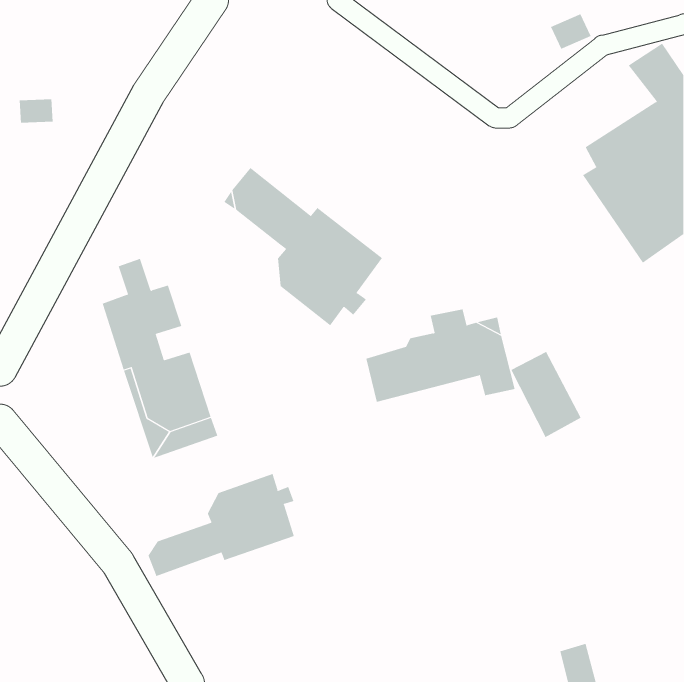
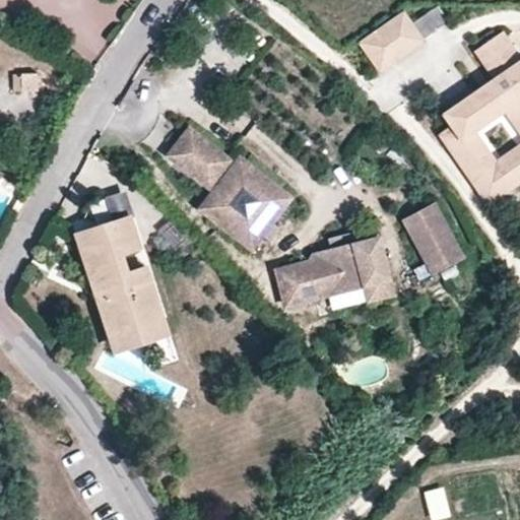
building: none -> [359,7,421,66]
building: [510,351,581,438] -> [405,209,459,275]
building: [148,473,294,577] -> none

